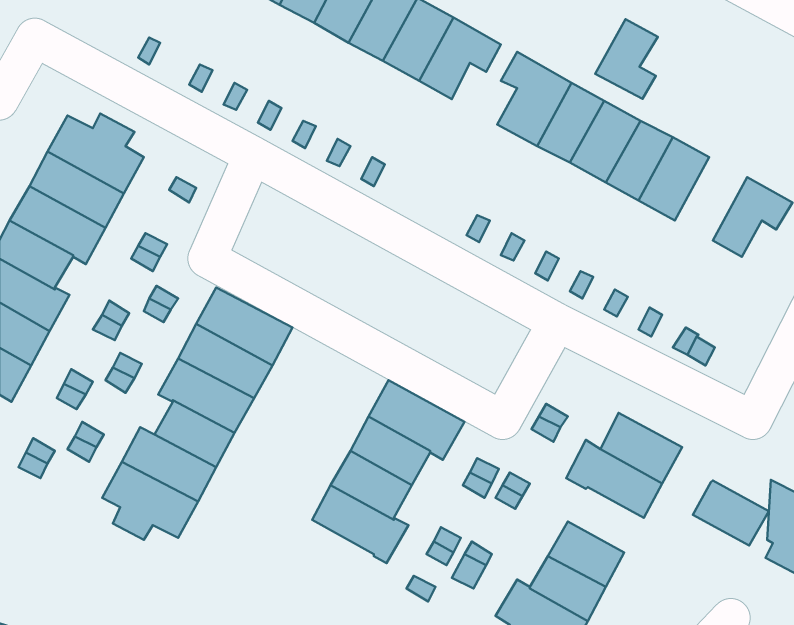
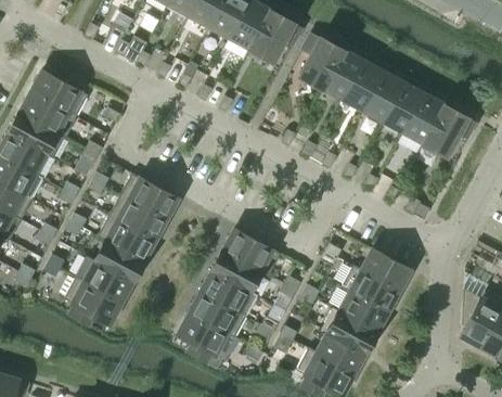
building: [595,19,658,99] -> none
building: none -> [406,95,449,145]
building: [693,480,769,546] -> [342,293,387,332]
building: none -> [177,312,226,362]

